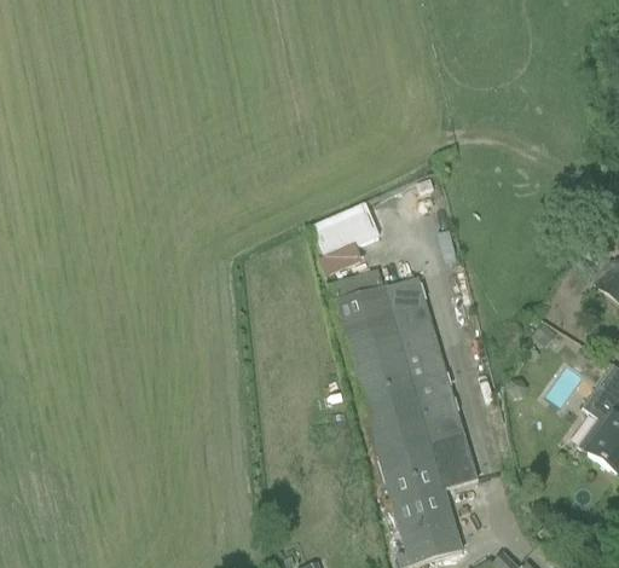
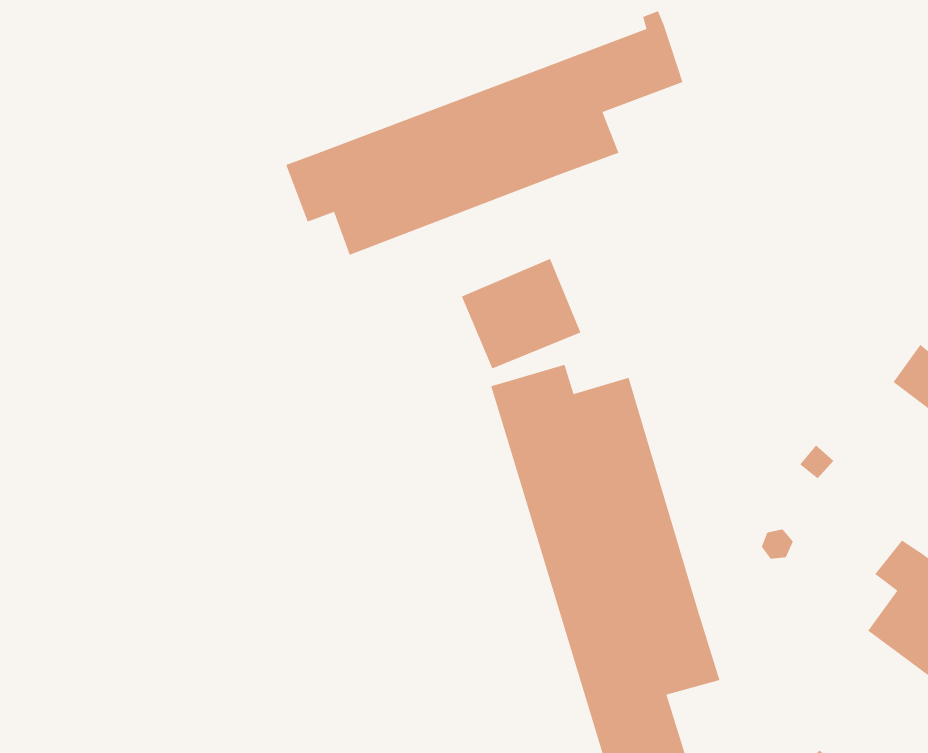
building: none -> [285,10,683,256]

